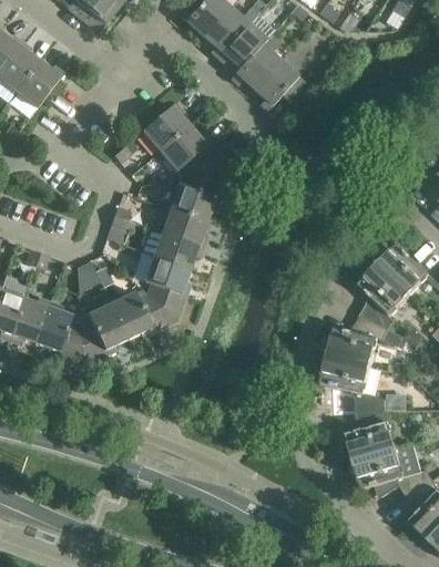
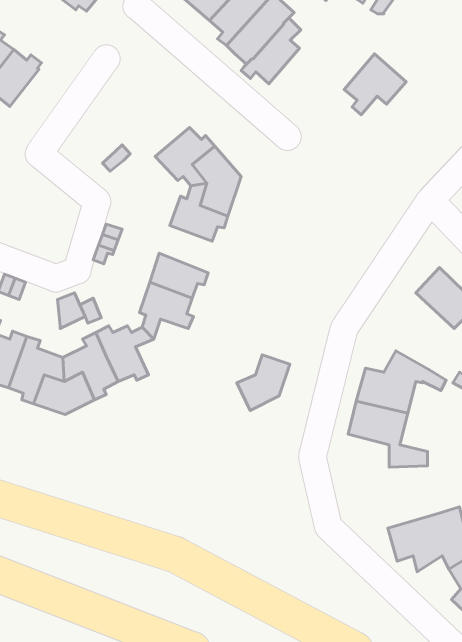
building: [254,59,306,110] -> [344,54,406,115]
building: [141,102,187,150] -> none
building: [162,207,206,247] -> none
building: [358,264,409,328] -> none
building: [142,286,186,332] -> [237,355,290,411]
building: [345,409,396,461] -> none

